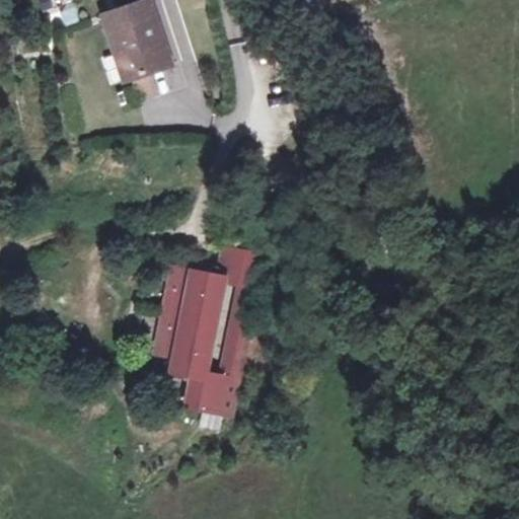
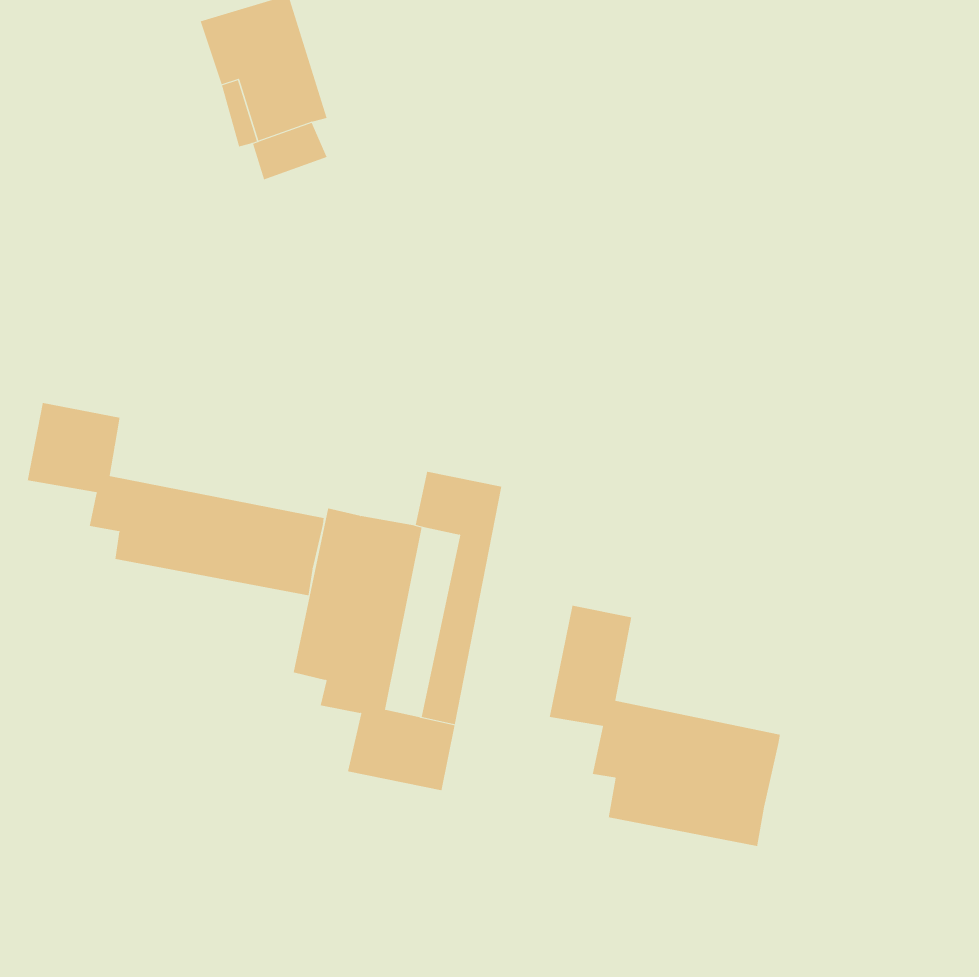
building: none -> [27,402,324,596]
building: none -> [549,605,780,847]

